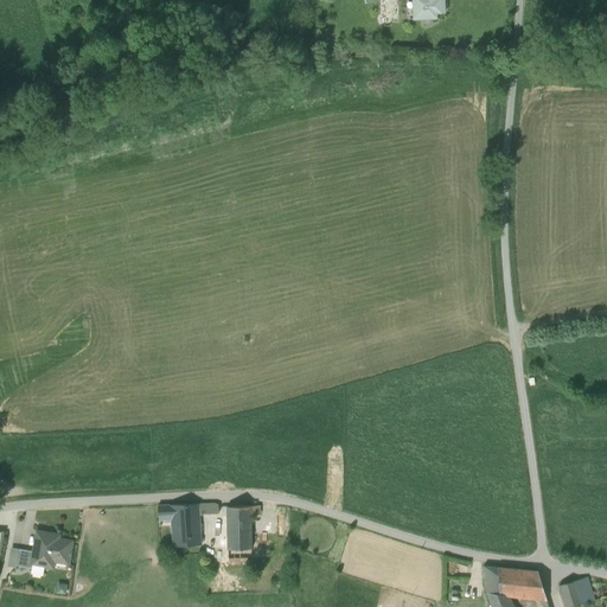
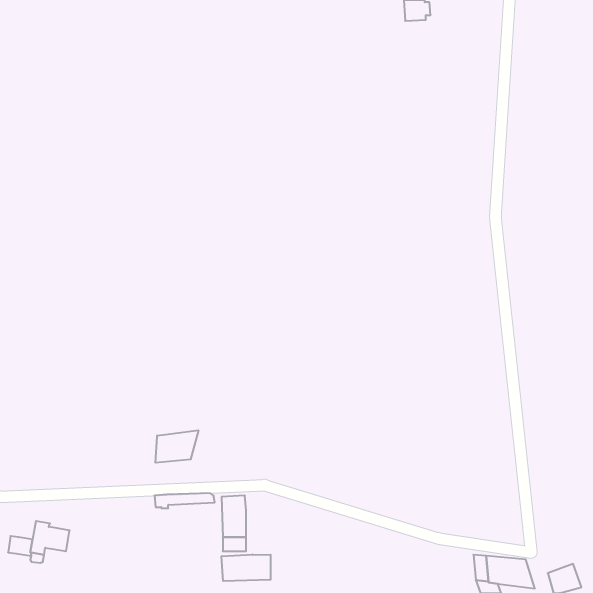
building: none -> [155,430,198,463]
building: [172,515,200,547] -> none
building: none -> [222,554,271,581]

